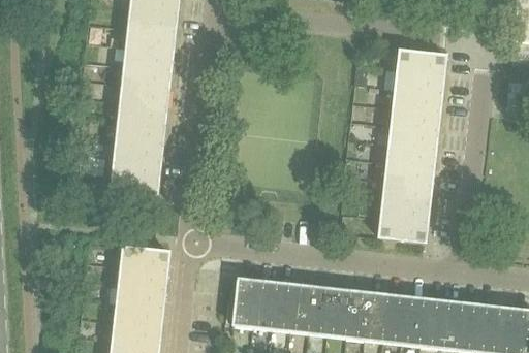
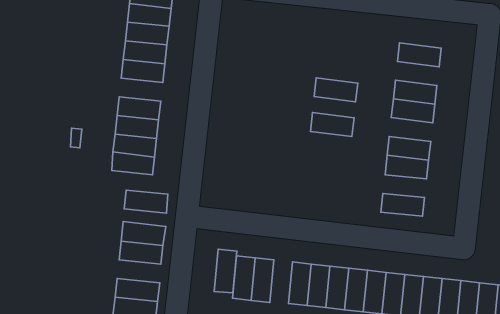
building: [400,50,443,73] -> none
building: [396,87,439,110] -> [314,78,358,102]
building: [121,103,164,126] -> none
building: [390,142,433,166] -> [310,113,354,137]
building: [383,199,427,222] -> none
building: [119,284,162,307] -> [124,190,168,213]
building: [271,284,293,327] -> [214,249,237,293]

